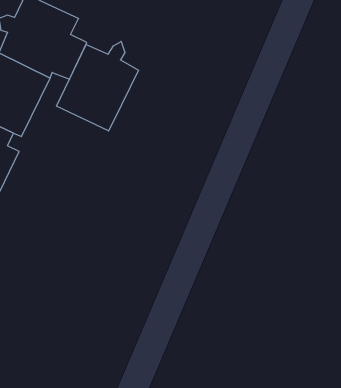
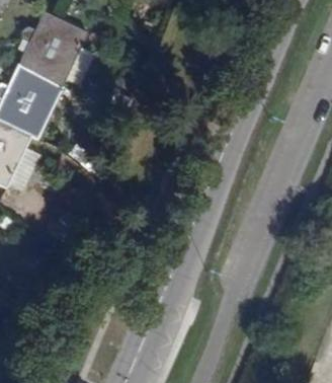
building: [57,41,138,131] -> none

